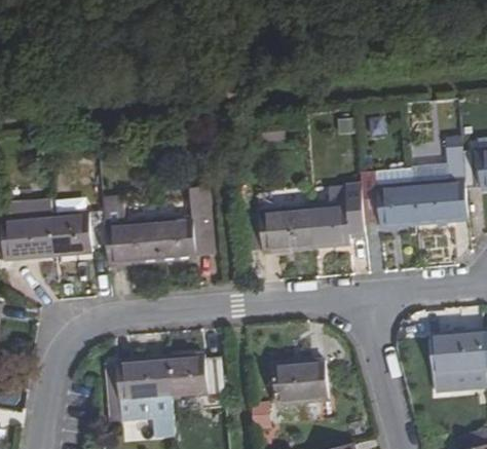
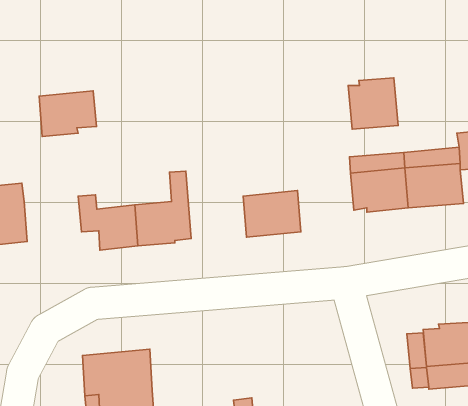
building: none -> [348,78,398,129]
building: [313,190,367,246] -> none
building: [54,212,109,255] -> [39,91,97,136]
building: [174,354,224,396] -> none
building: [273,360,327,403] -> none

